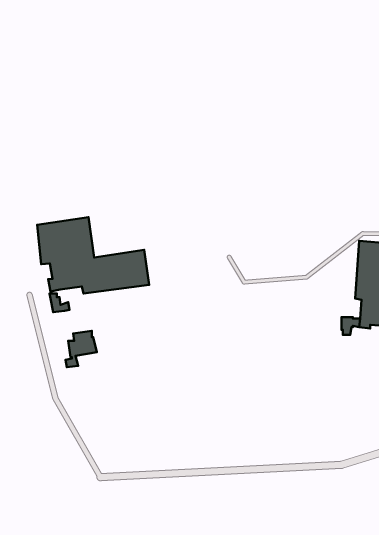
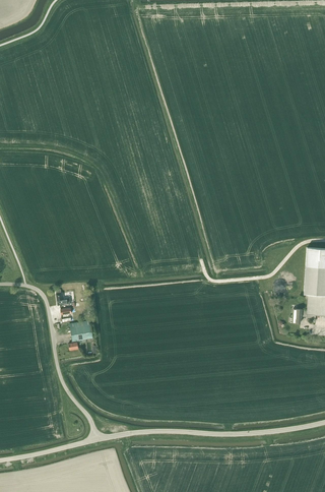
building: [37,217,149,294] -> none

